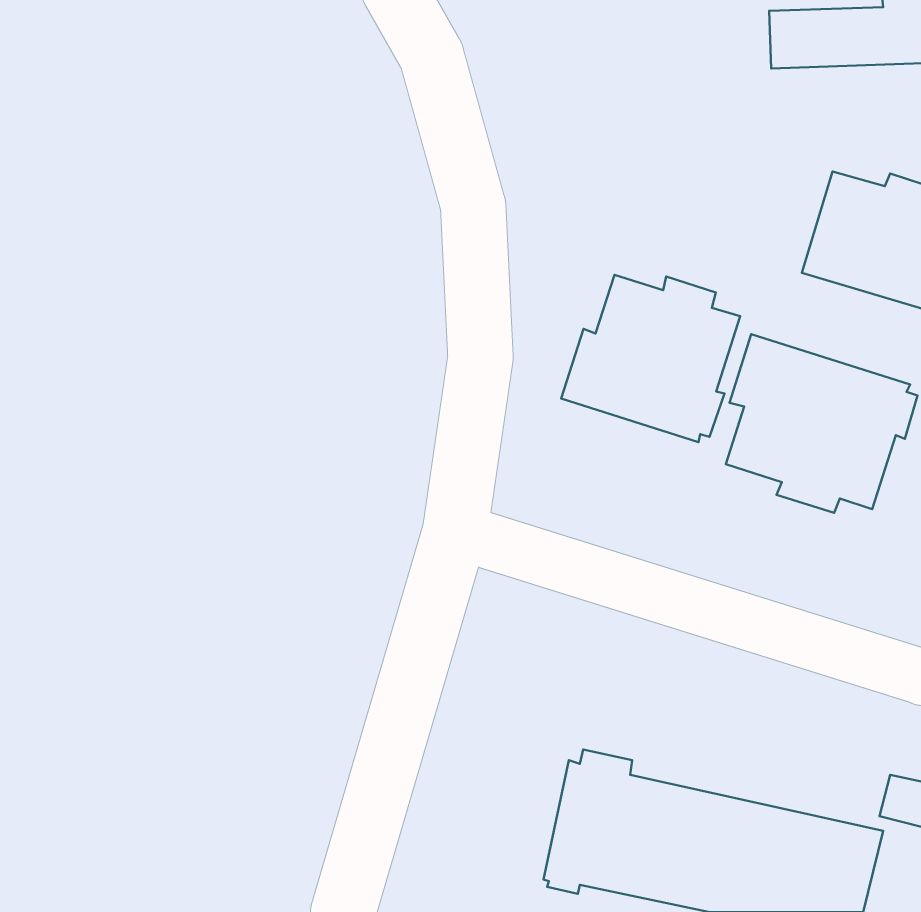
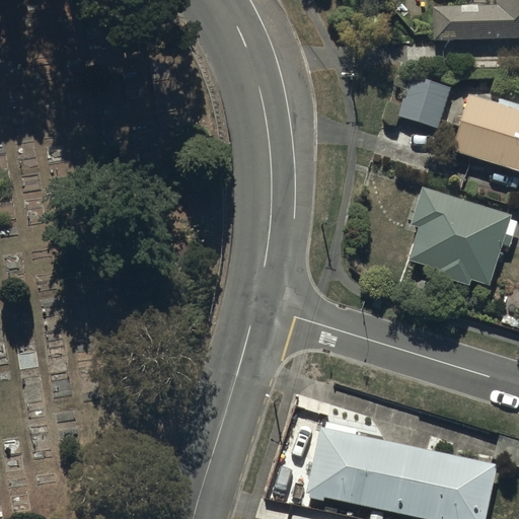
building: none -> [398,73,450,127]
building: [561,275,740,442] -> none

